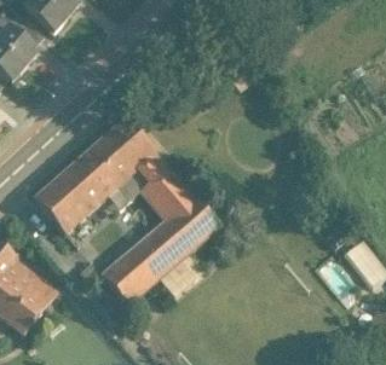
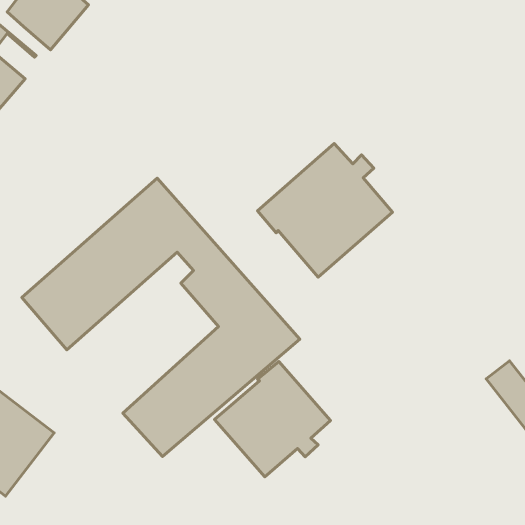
building: none -> [258,144,392,277]
building: none -> [215,361,331,477]

